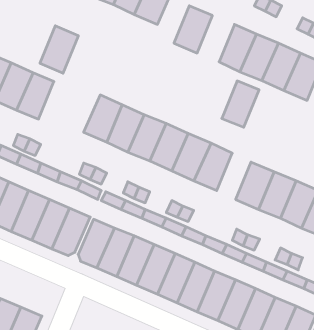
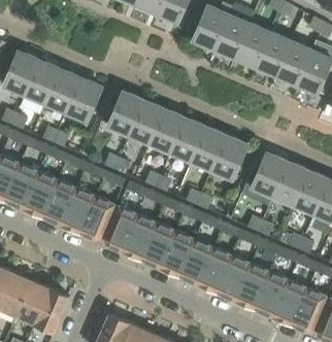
building: [40,26,78,73] -> [66,77,102,122]
building: [222,81,259,127] -> [214,15,250,59]

